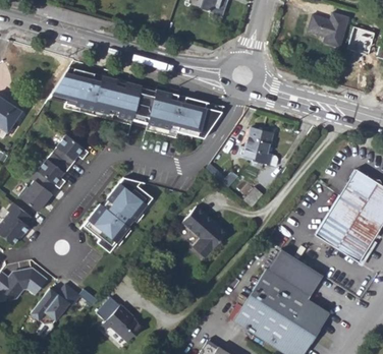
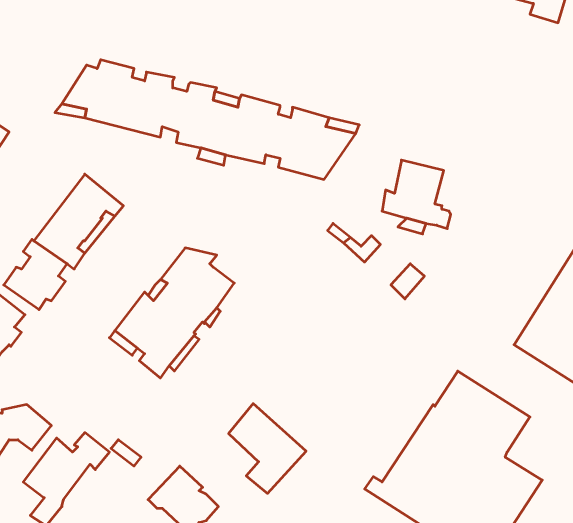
building: [181,204,226,256] -> [229,404,306,493]

